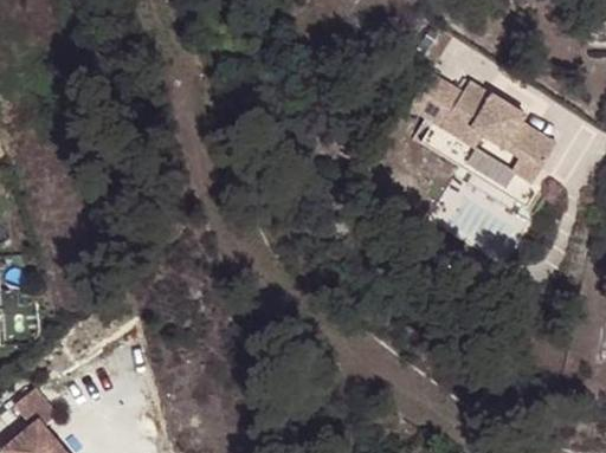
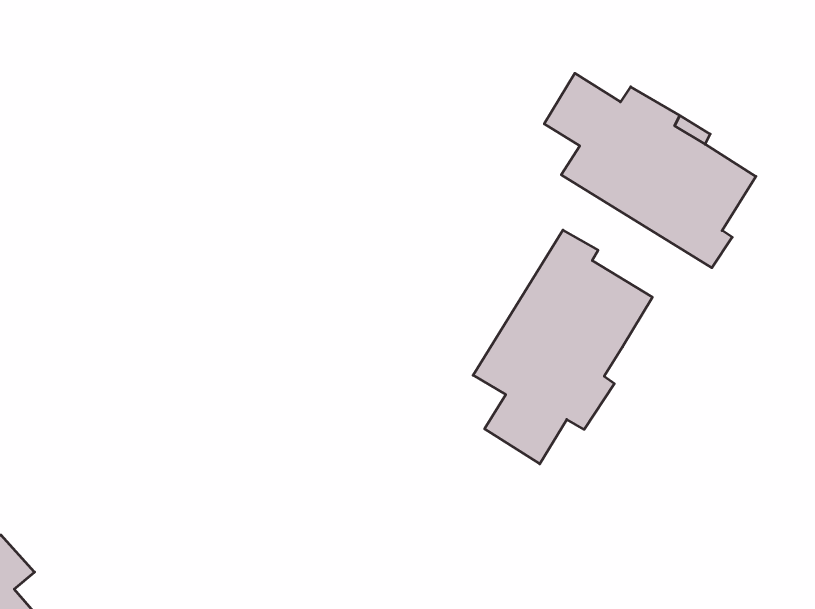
building: none -> [473,230,652,464]

